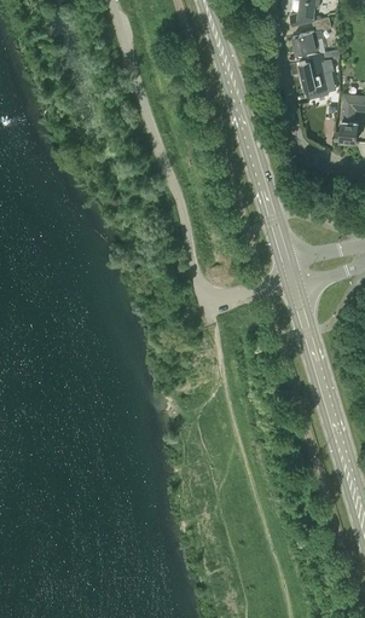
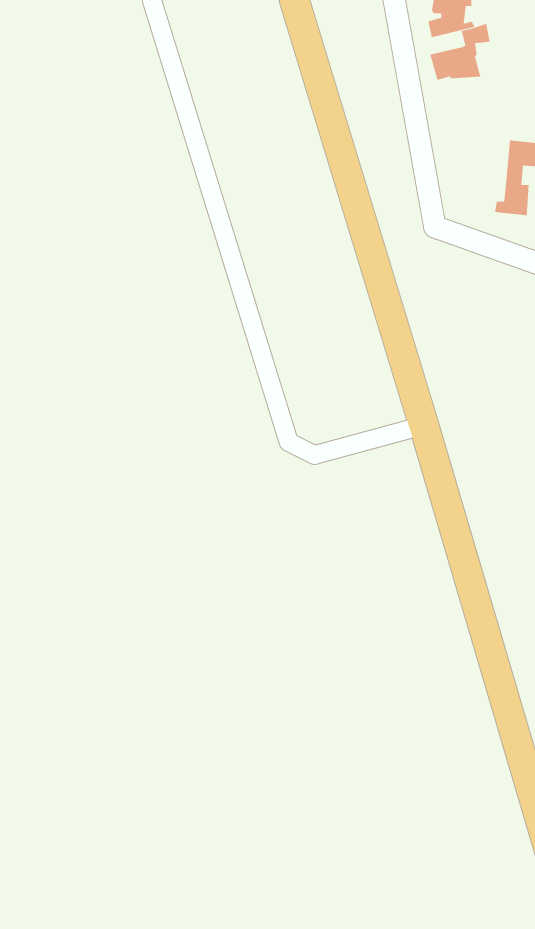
building: [300,52,340,93] -> none

